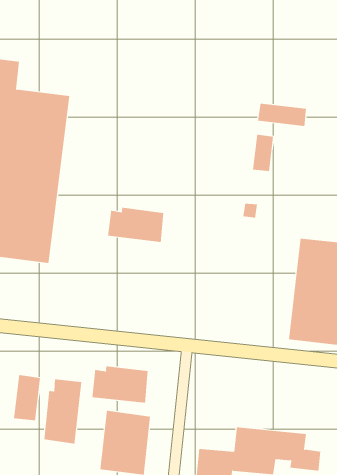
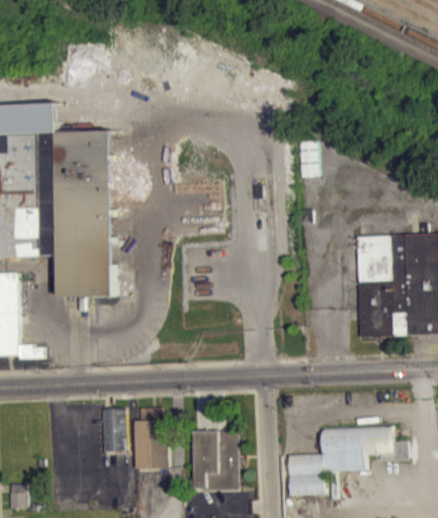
building: [258,103,307,127] -> none
building: [107,207,164,243] -> none
building: [92,366,148,404] -> none

